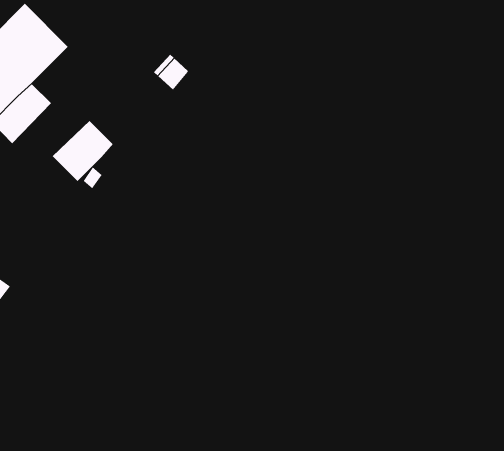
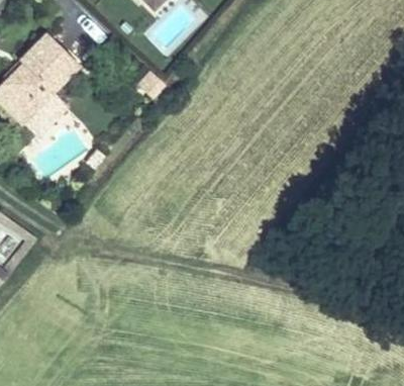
building: [52,120,113,182] -> none

